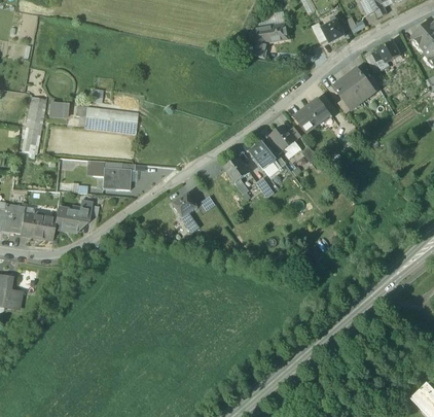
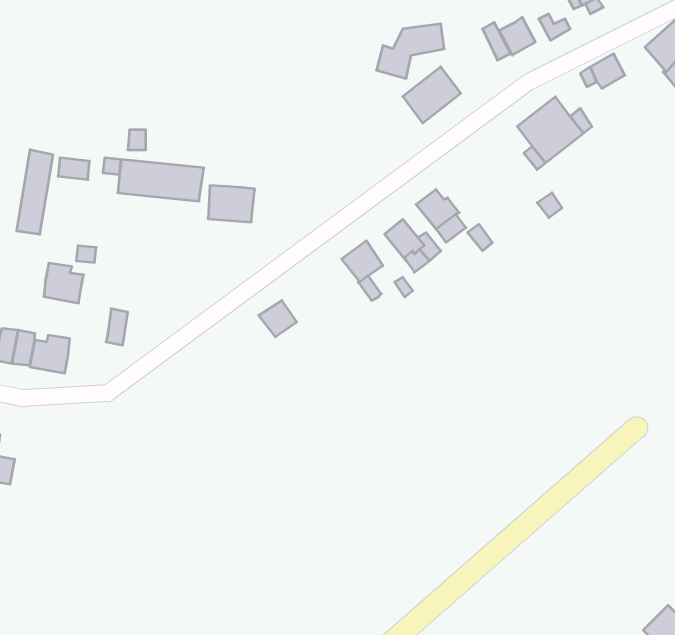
building: [294,98,330,133] -> [403,67,461,123]
building: [102,167,131,189] -> [208,186,255,222]
building: [55,207,79,232] -> [44,263,84,303]

